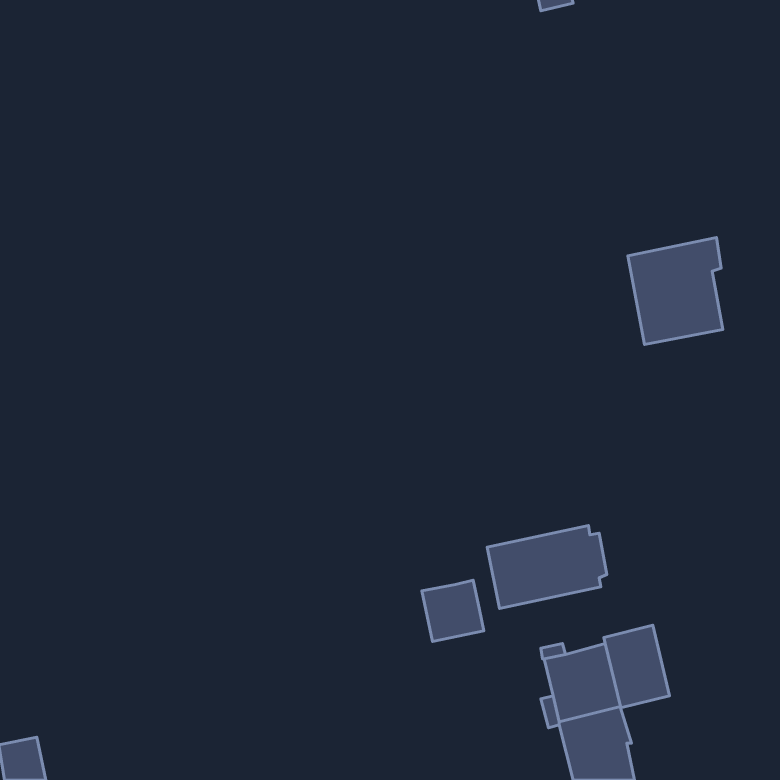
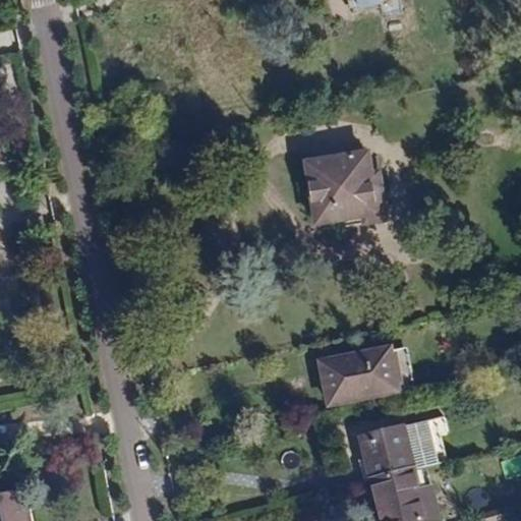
building: [628,237,723,345] -> [301,154,364,225]
building: [422,580,484,641] -> none

